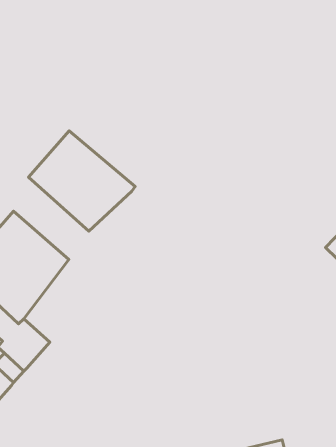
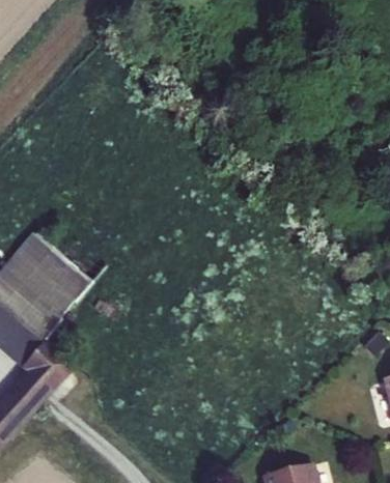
building: [28,131,135,231] -> none

